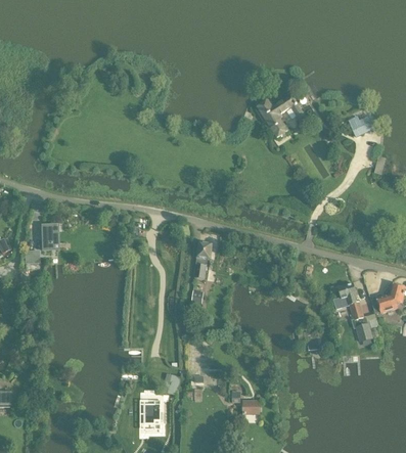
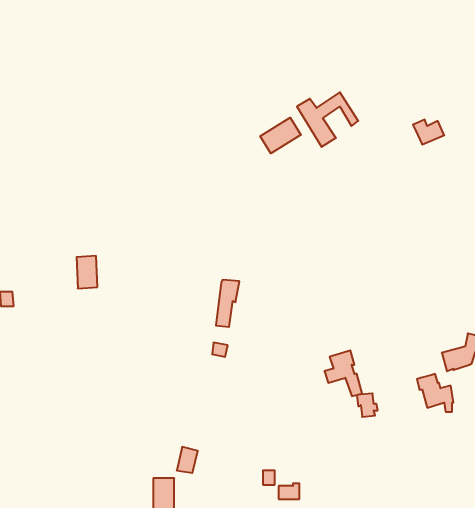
building: none -> [260,118,301,153]
building: [42,225,58,251] -> [77,256,97,288]
building: [333,283,363,319] -> [324,350,362,396]

